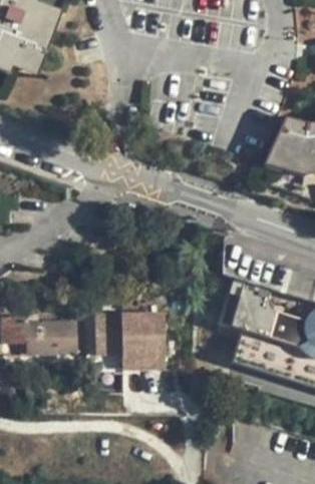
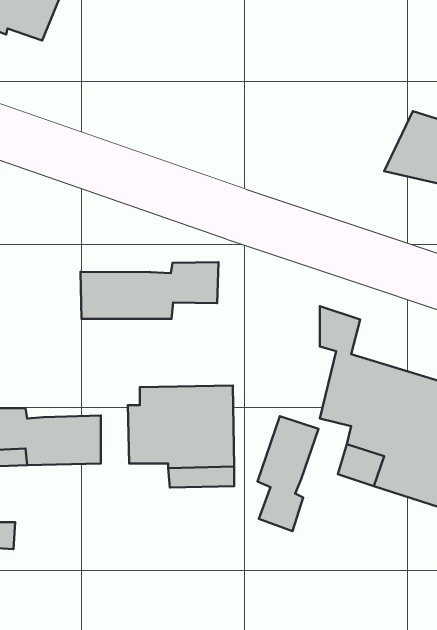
building: none -> [81,262,218,319]
building: none -> [258,416,319,531]

